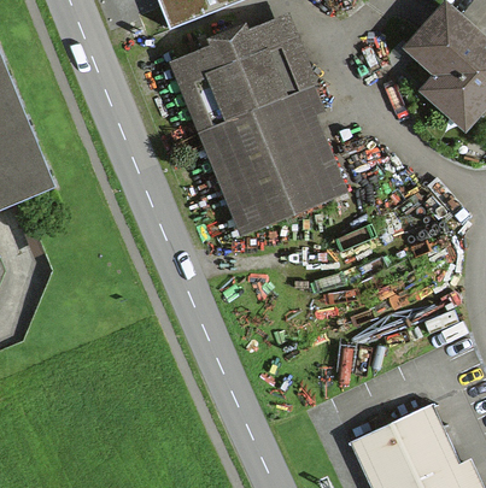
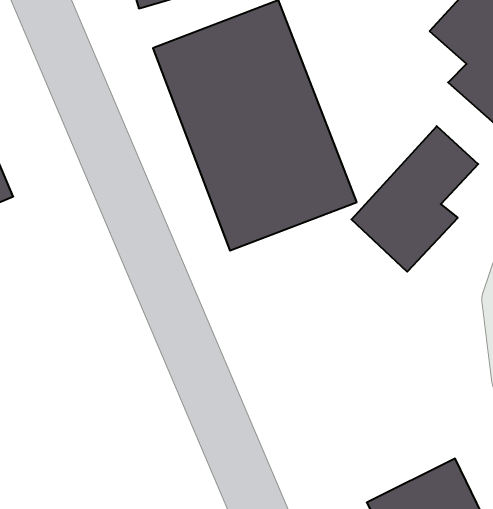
building: none -> [351,126,478,272]

